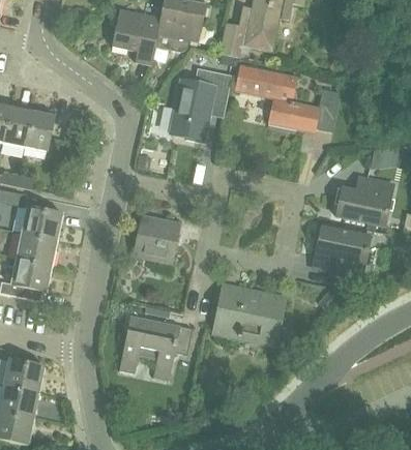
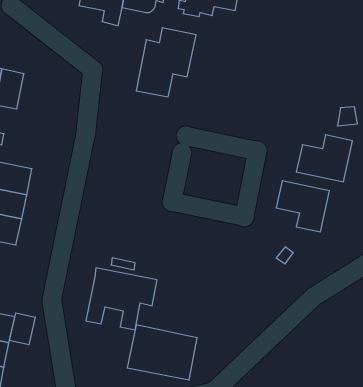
building: [235,63,339,132] -> none
building: [133,215,180,264] -> none
building: [212,286,285,342] -> [127,325,197,380]
building: none -> [9,313,35,345]

